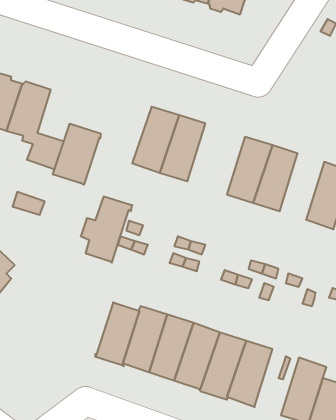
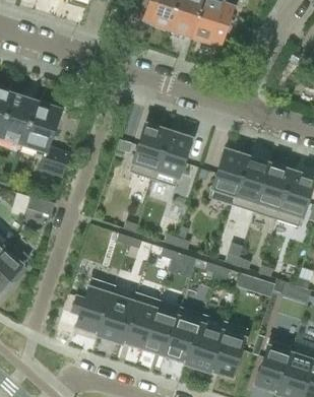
building: [53,124,101,185] -> none
building: none -> [254,163,292,219]
building: [81,197,132,263] -> [72,278,116,334]

